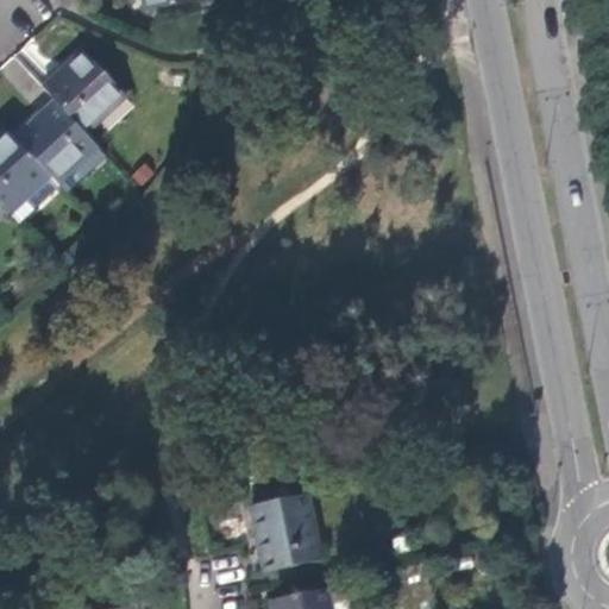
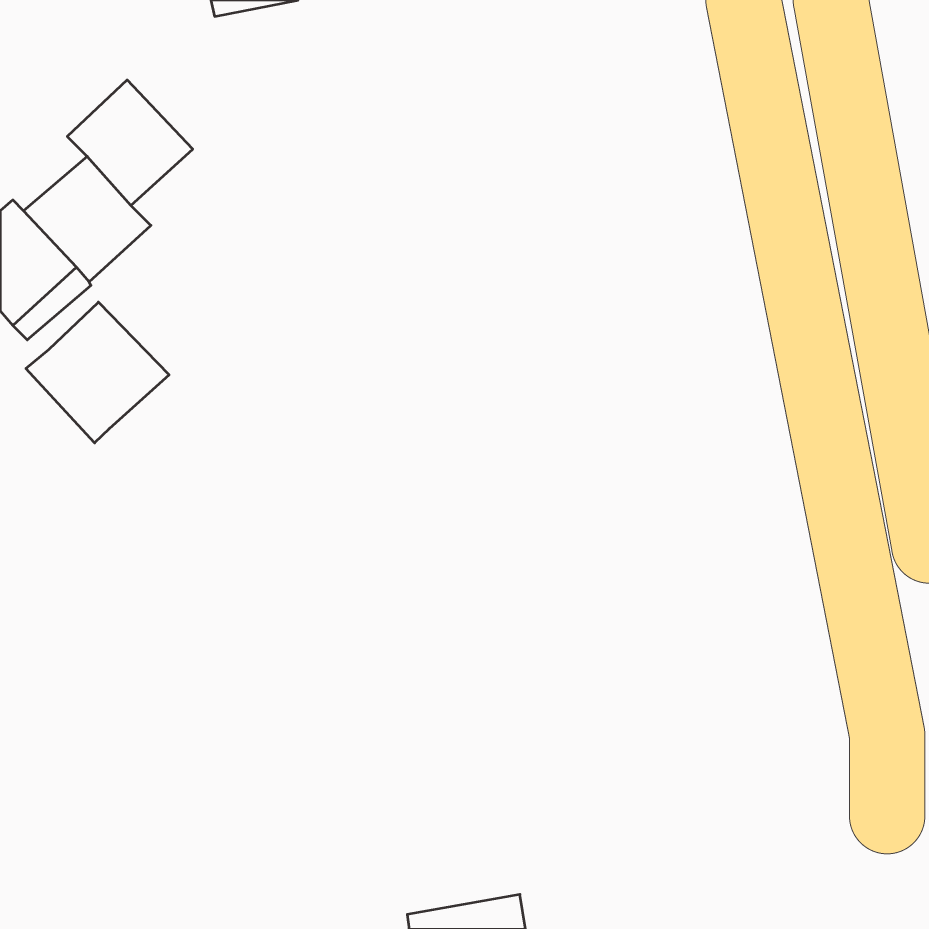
building: none -> [26,302,169,443]
building: [250,492,319,570] -> none

